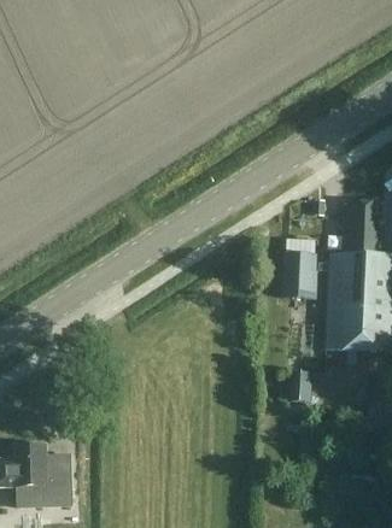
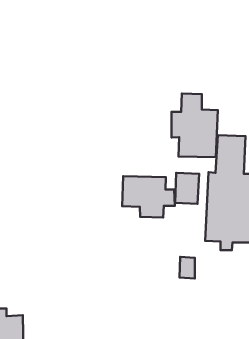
building: none -> [171,94,218,157]
building: none -> [122,176,175,218]

